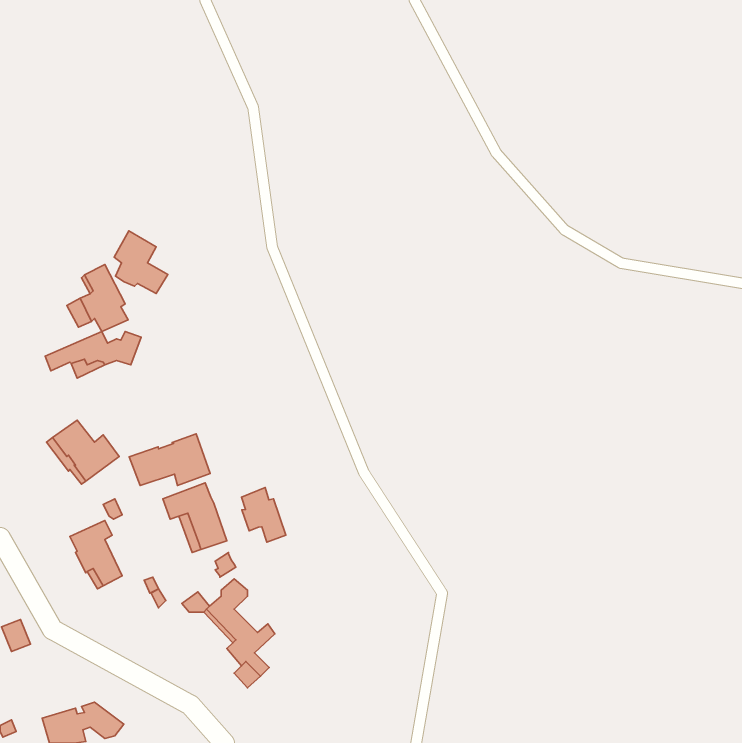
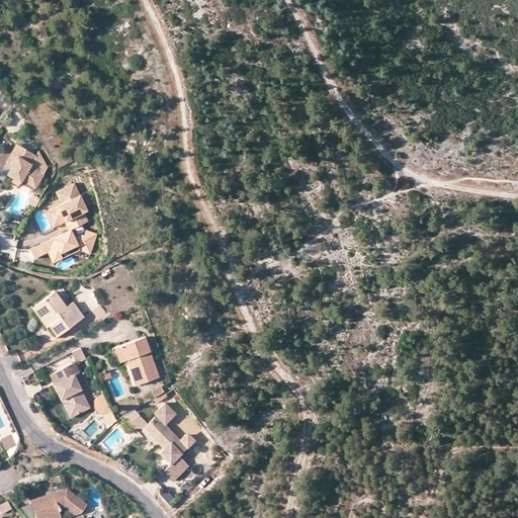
building: [114,231,168,294] -> [7,145,45,188]
building: [129,434,210,485] -> none
building: [242,488,286,542] -> none

